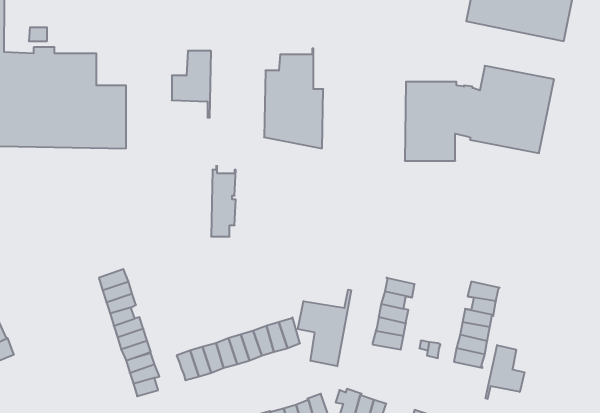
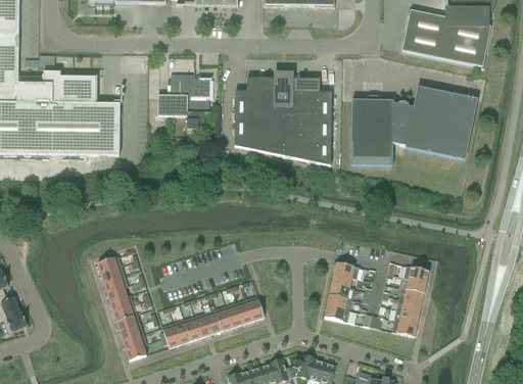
building: none -> [275,71,331,164]
building: [211,166,236,236] -> [189,70,209,129]
building: [298,290,351,366] -> none
building: [486,345,524,399] -> none

